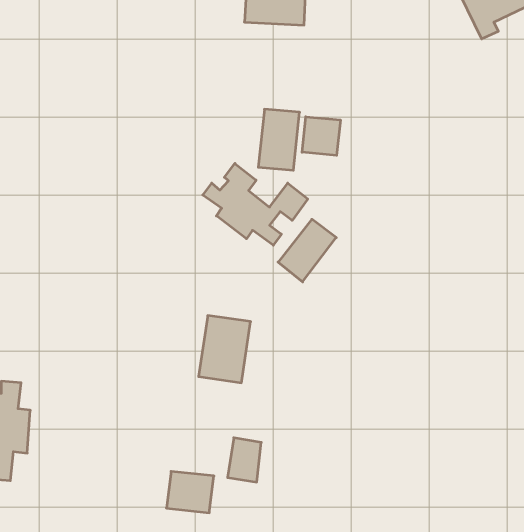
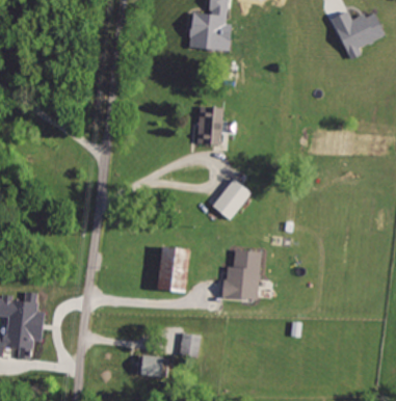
building: [302,117,340,155] -> none
building: [203,163,308,245] -> none
building: none -> [222,248,259,298]

